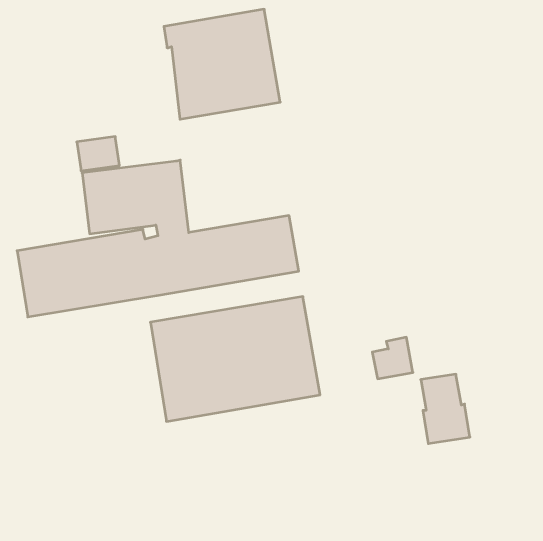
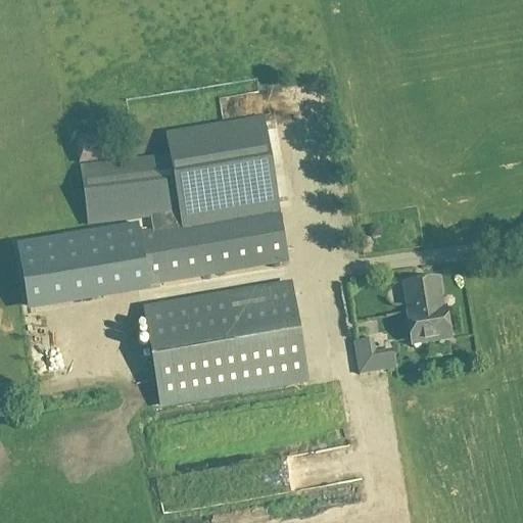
building: [164,9,280,119] -> [168,117,279,223]
building: [421,374,470,444] -> [406,277,453,343]

